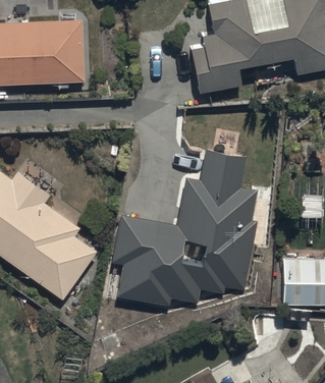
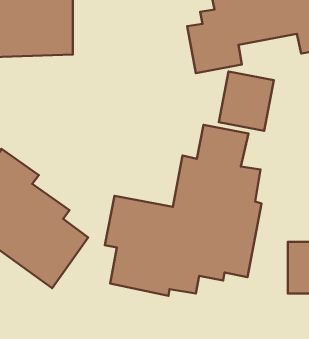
building: none -> [219,71,274,131]

